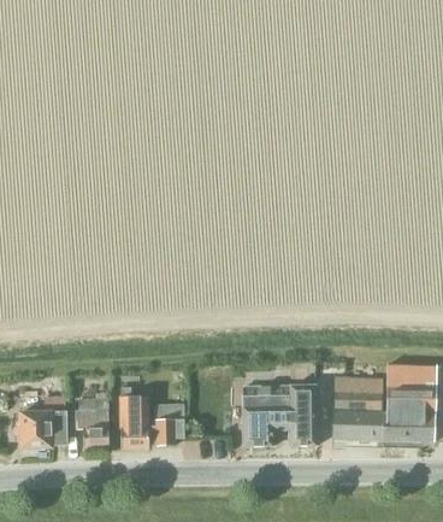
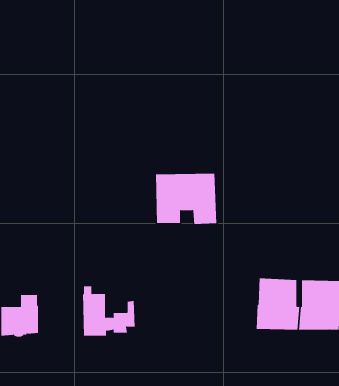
building: [243,382,319,445] -> [155,173,217,225]
building: [77,397,108,446] -> none

